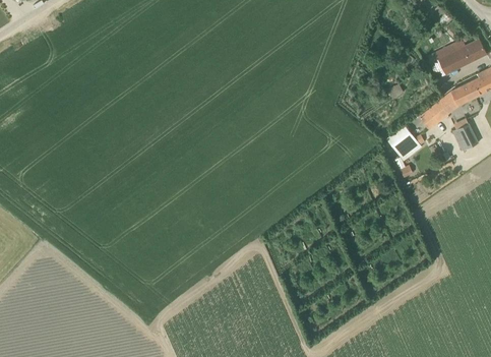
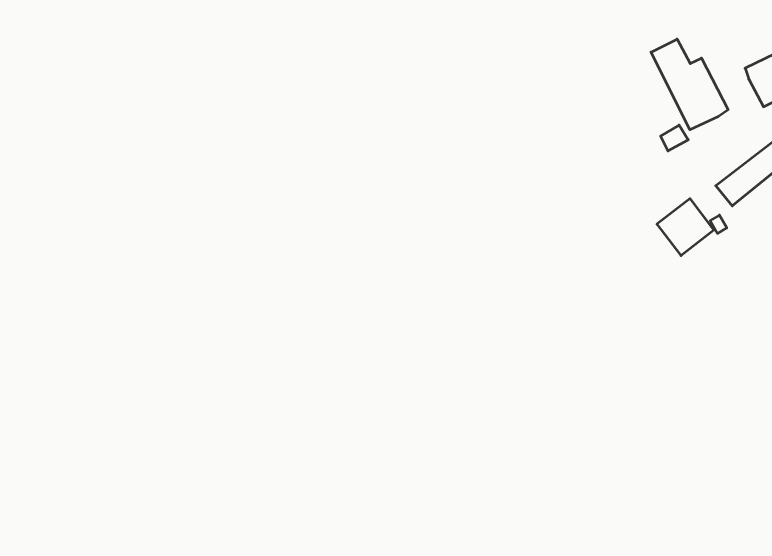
building: none -> [651,39,728,130]

